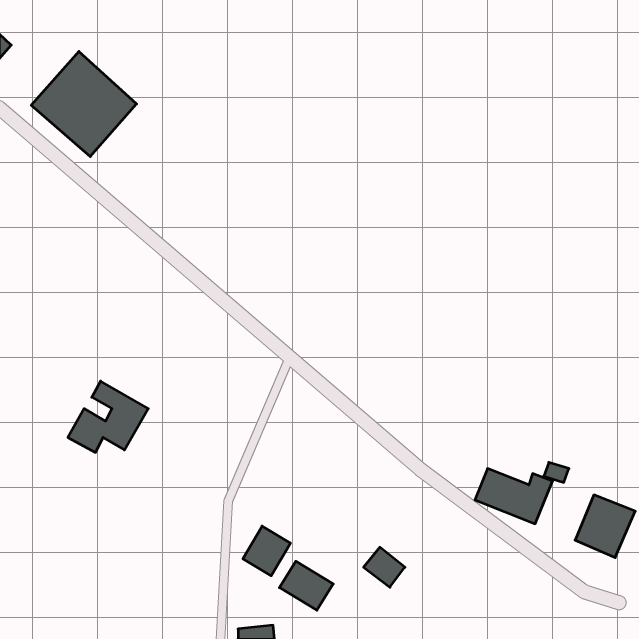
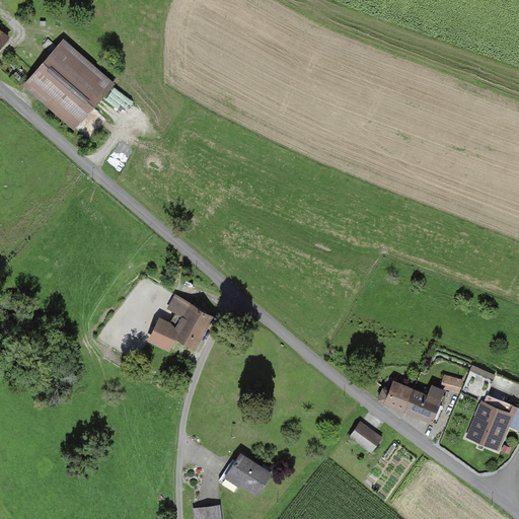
building: [68,381,148,452] -> [148,294,213,352]
building: [243,526,290,576] -> none
building: [364,547,405,587] -> [348,421,381,453]

